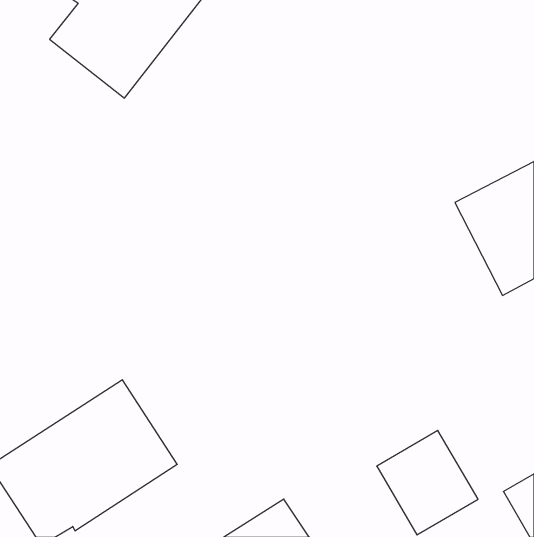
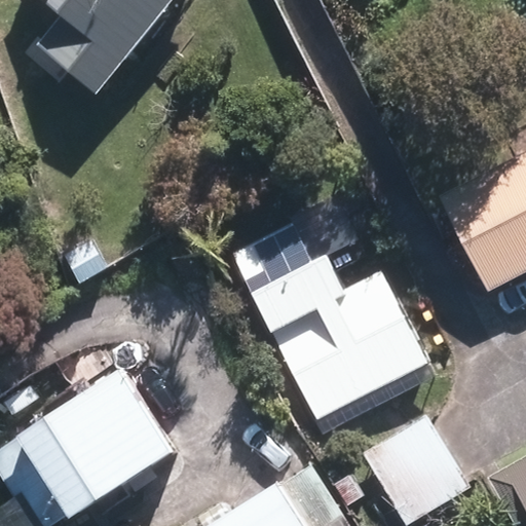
building: none -> [230,211,426,416]

